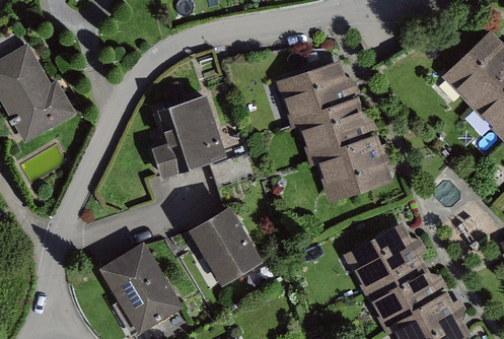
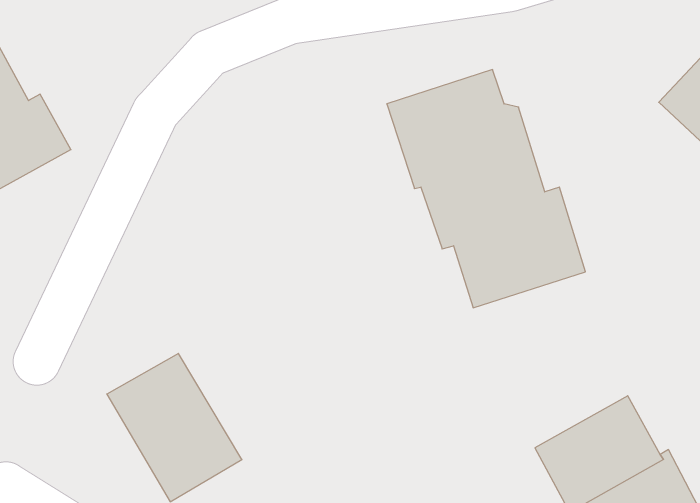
building: [149,89,230,182] -> none
building: [189,200,263,280] -> none
building: [344,225,424,297] -> none

